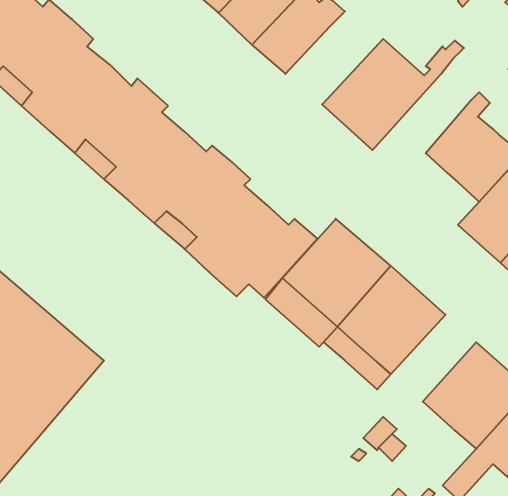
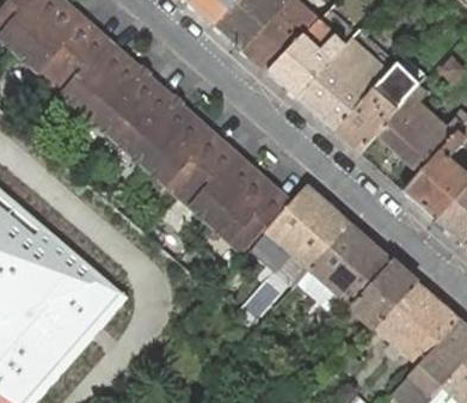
building: none -> [268,23,344,93]
building: none -> [336,69,413,151]
building: none -> [350,258,417,326]

